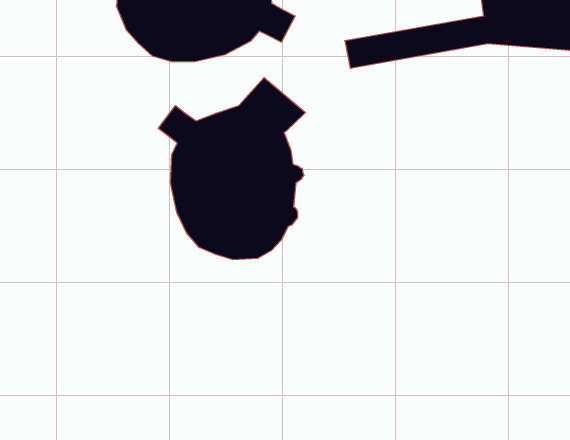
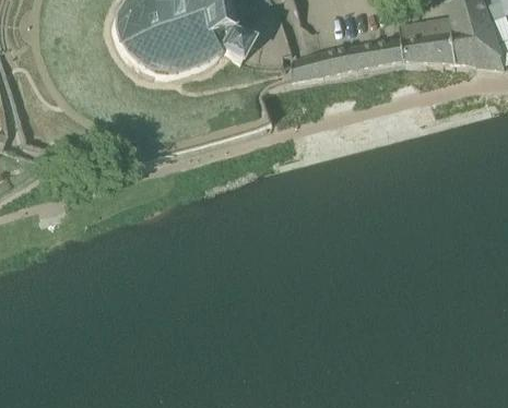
building: [158,77,306,260] -> none

